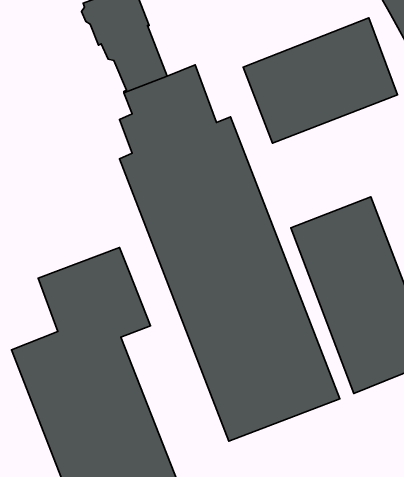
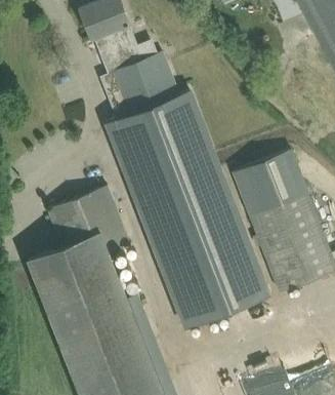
building: [243,18,397,143] -> none

